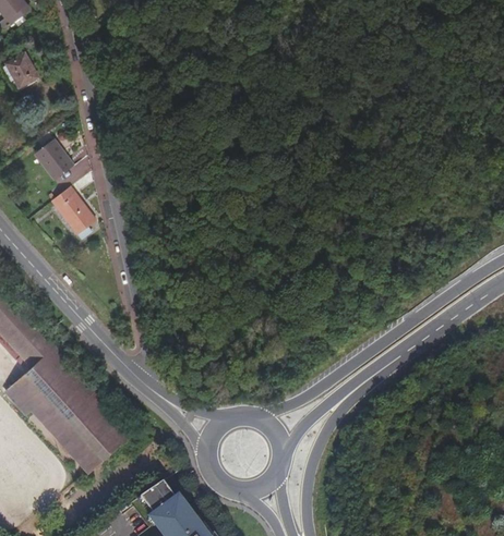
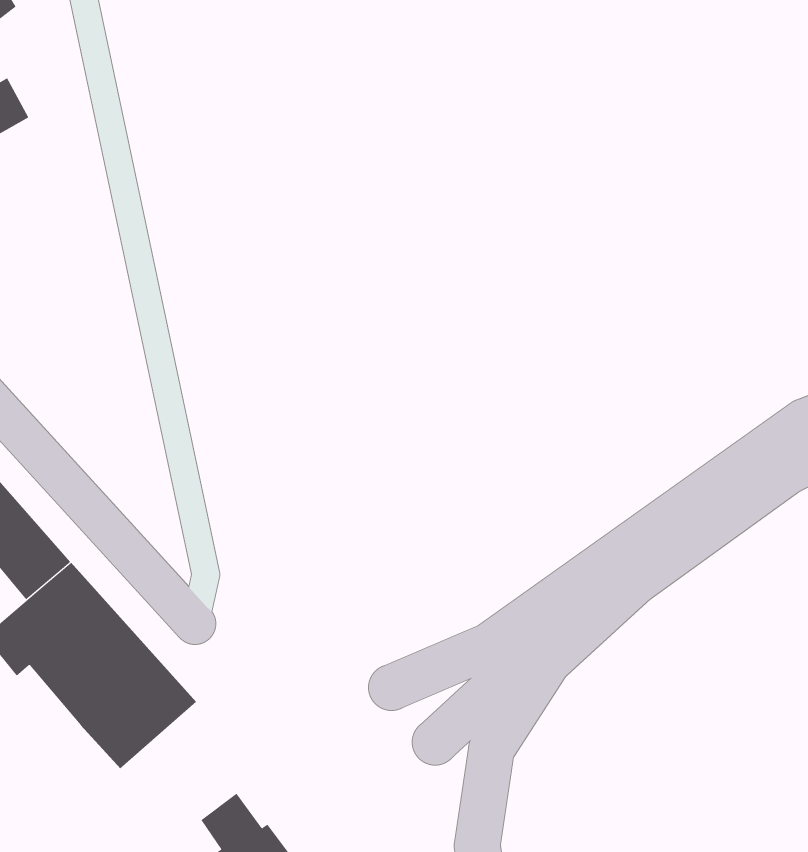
building: [32,141,72,182] -> none
building: [49,188,94,236] -> none

